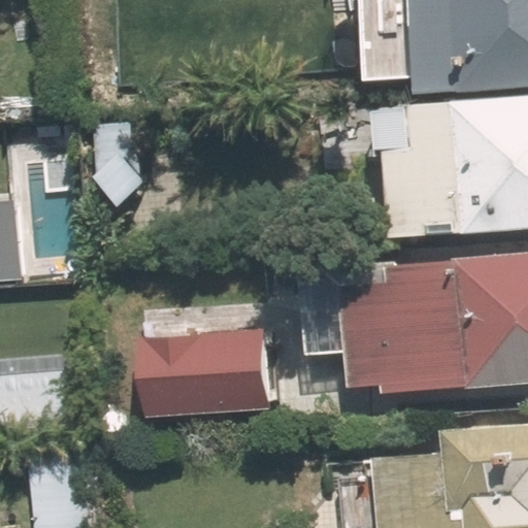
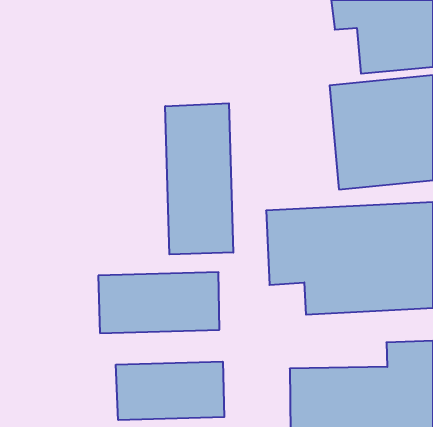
building: none -> [165,103,233,254]
building: none -> [116,362,224,420]

